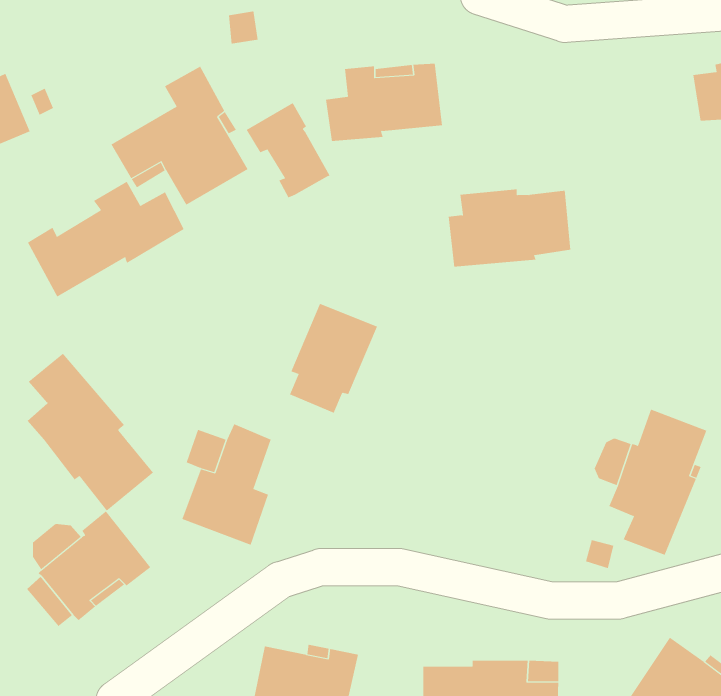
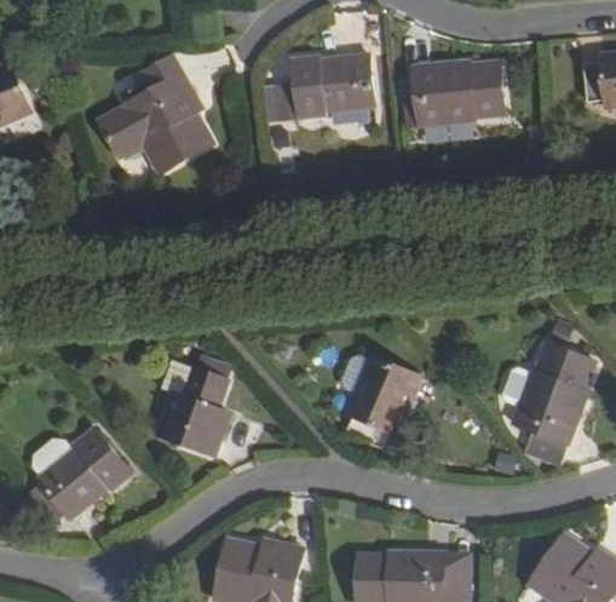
building: [246,102,330,198] -> none
building: [27,181,185,298] -> none
building: [448,189,571,267] -> [403,61,506,126]
building: [289,303,378,414] -> [346,356,420,448]
building: [27,353,154,512] -> none

